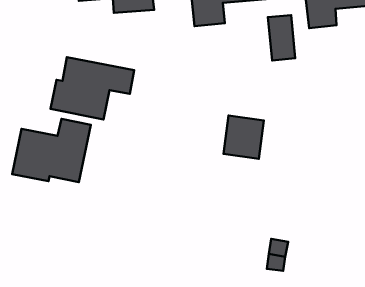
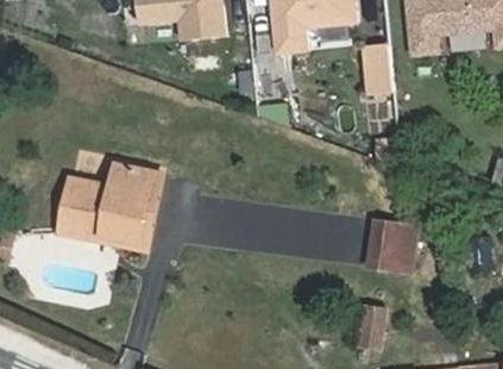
building: [50,57,134,120] -> none
building: [224,116,264,159] -> [367,220,415,271]

